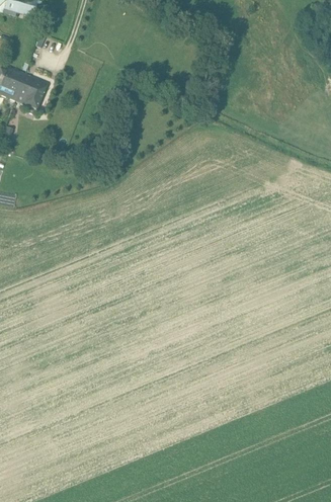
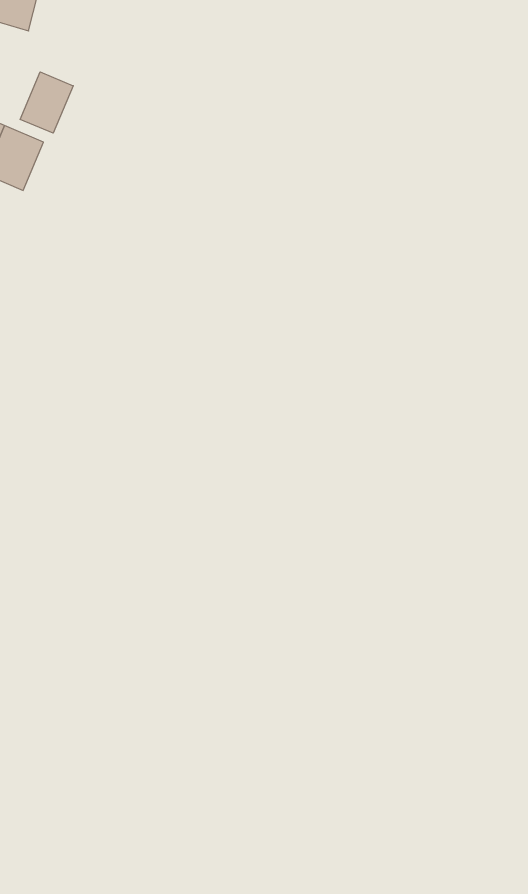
building: none -> [20,72,73,133]

